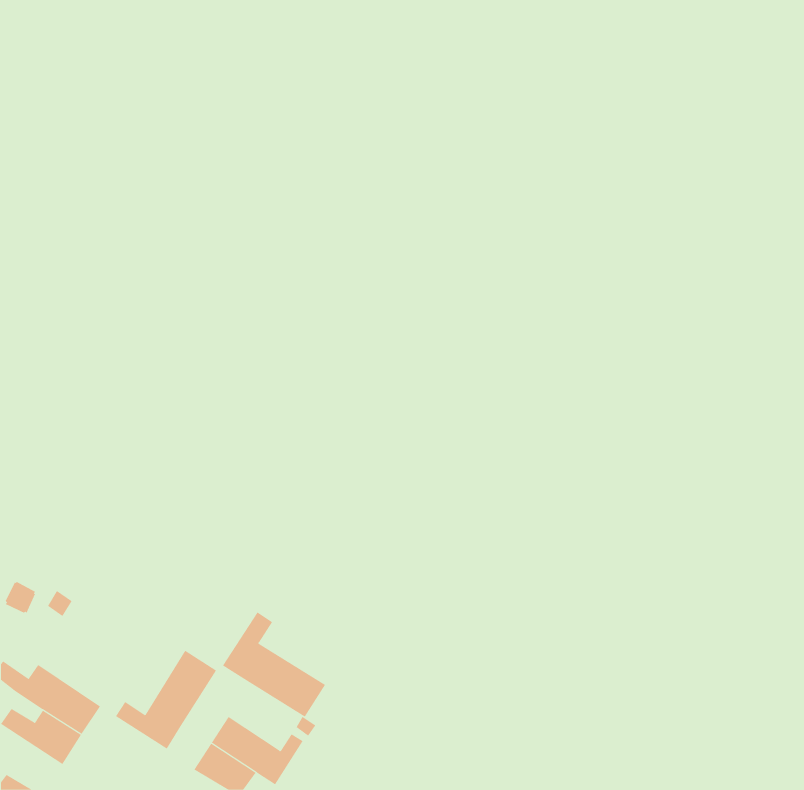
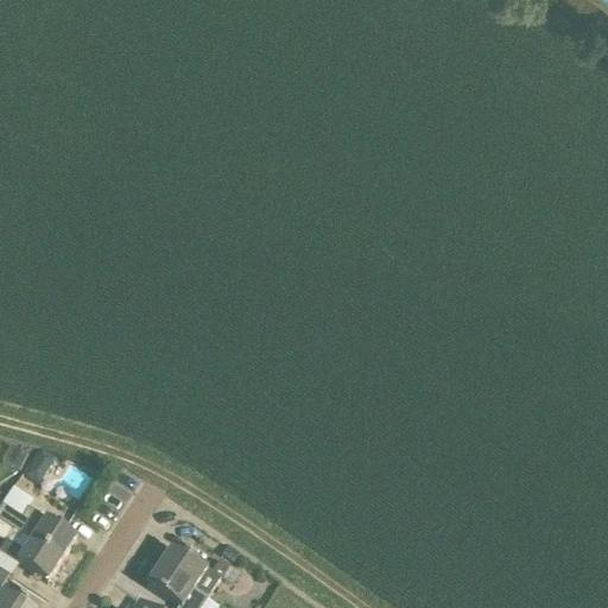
building: [222,612,326,718] -> none
building: [115,650,217,750] -> none

